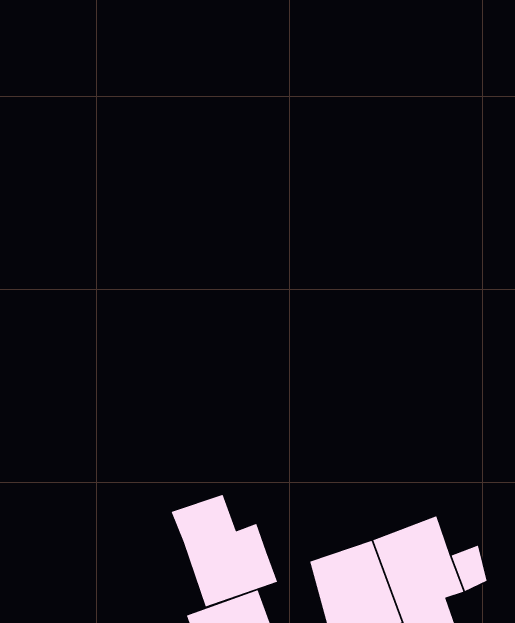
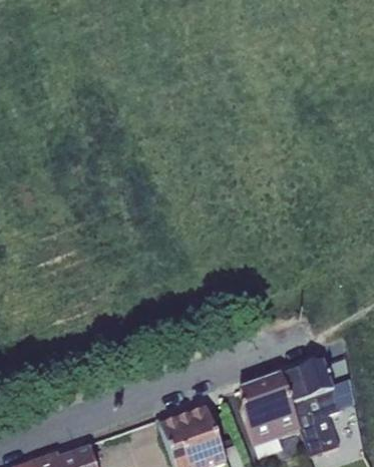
building: [171,494,278,607] -> none

